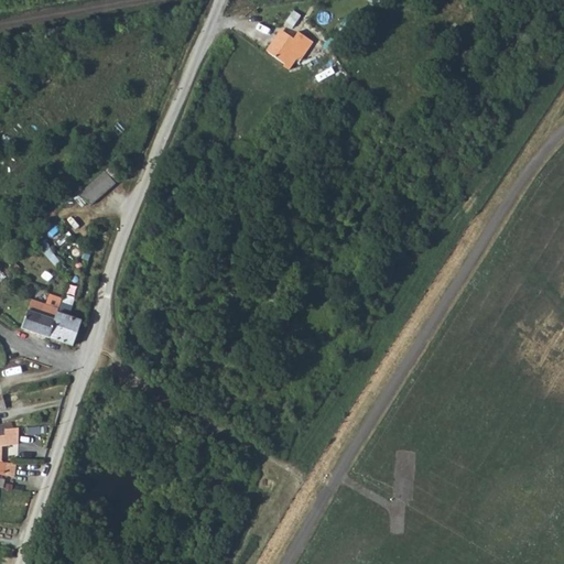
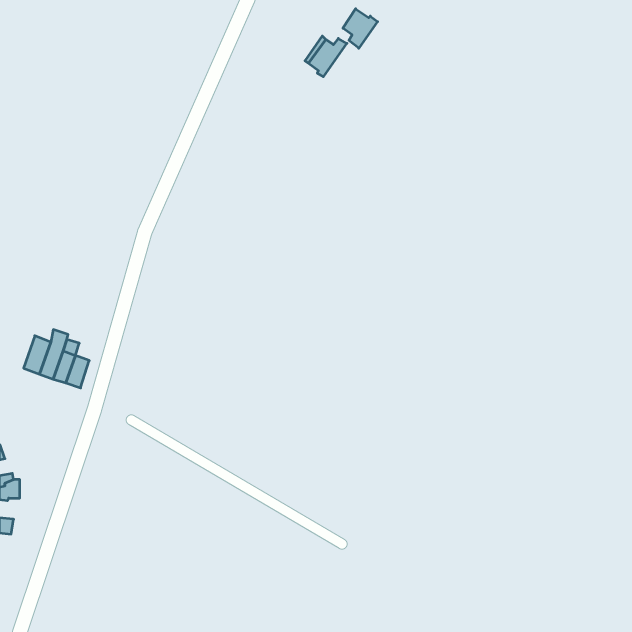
building: none -> [343,9,378,48]
building: [78,170,116,205] -> none

